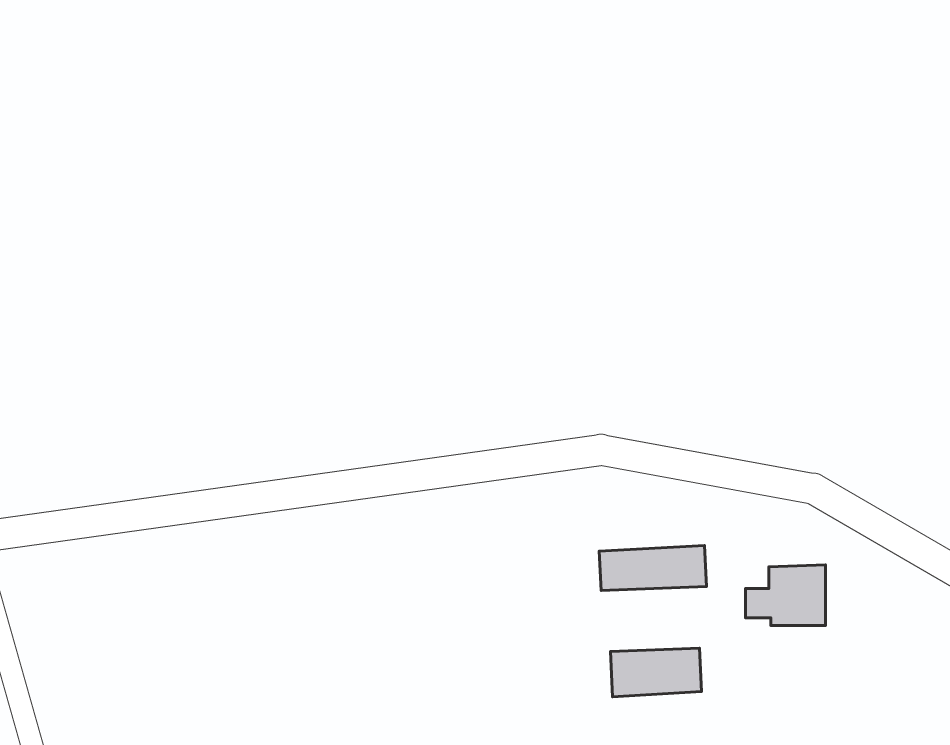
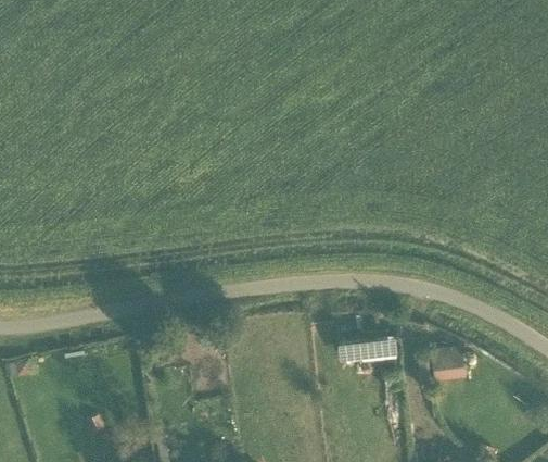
building: [610,648,701,697] -> none

